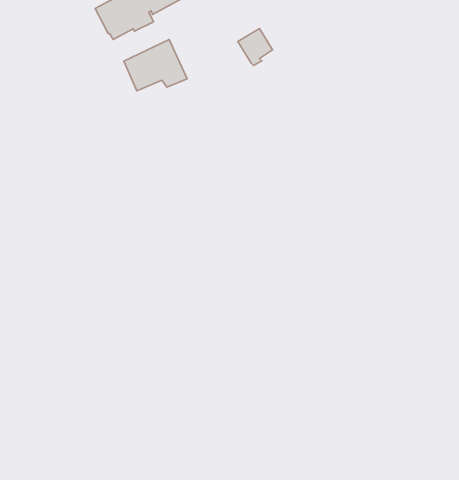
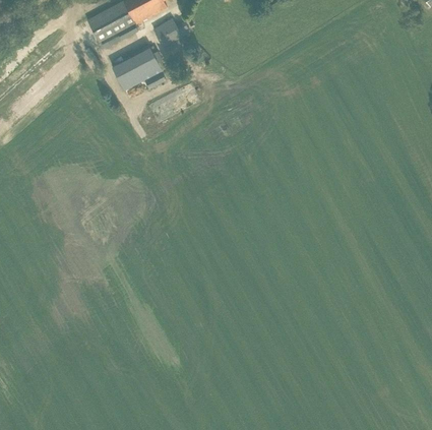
building: [238,29,273,65] -> [152,19,182,51]

